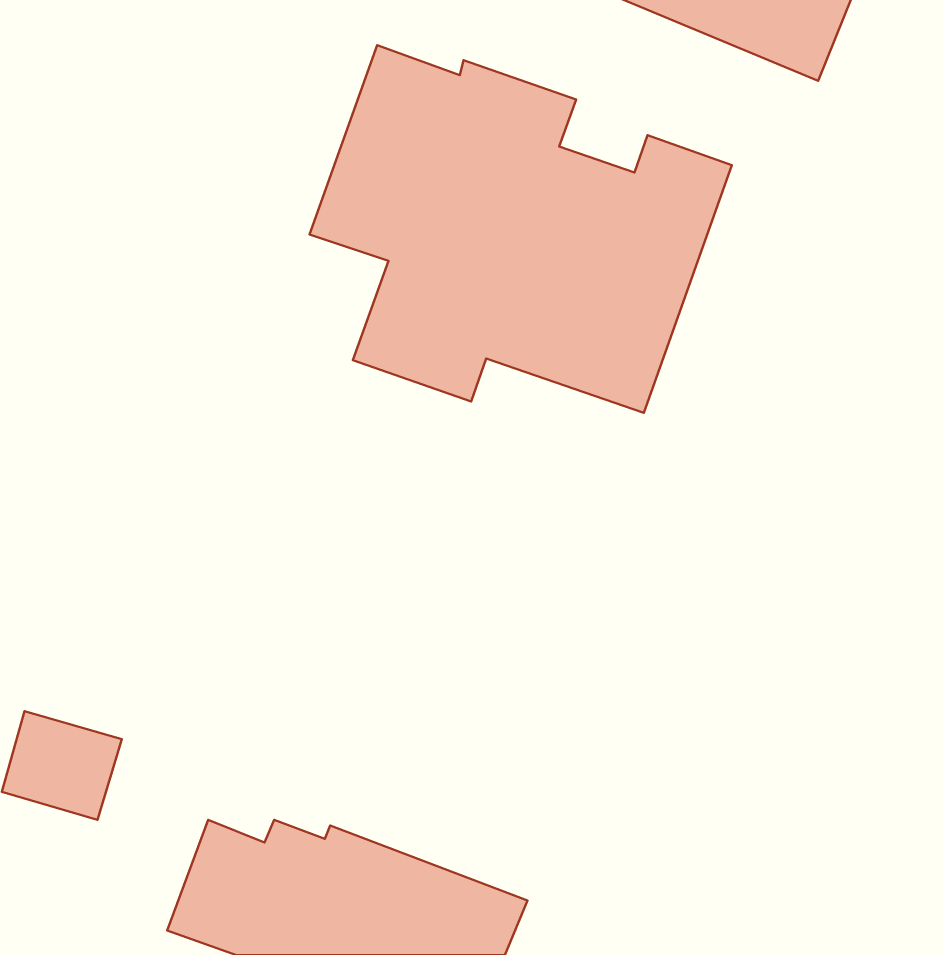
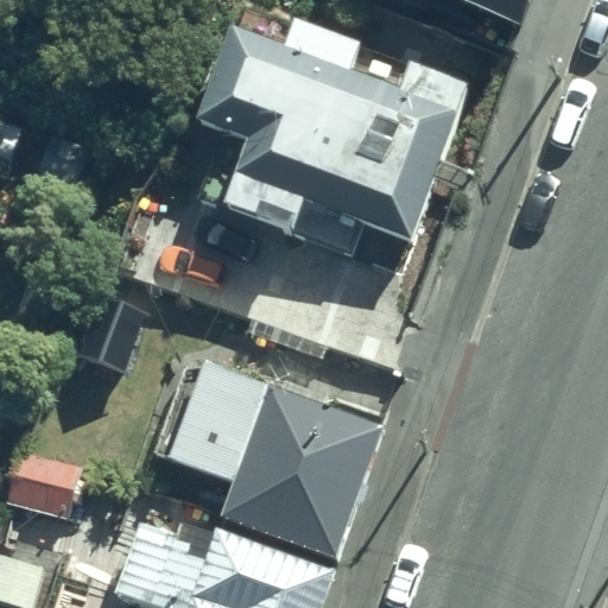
building: none -> [170,360,380,553]

